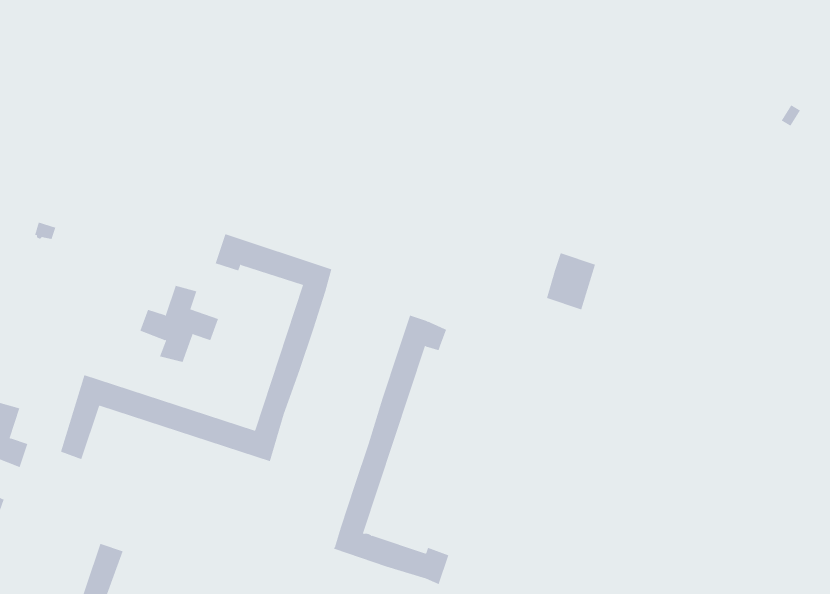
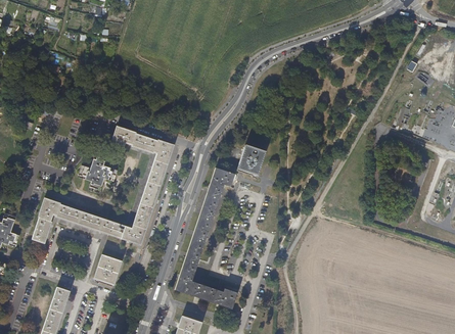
building: [546,253,596,310] -> [238,146,264,176]
building: none -> [93,254,120,284]

